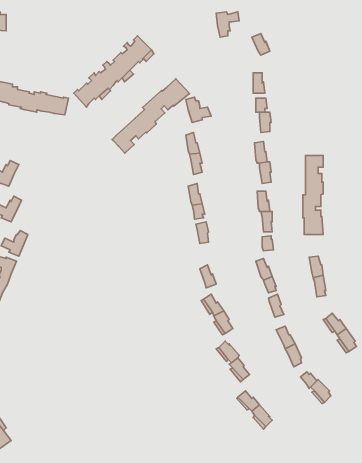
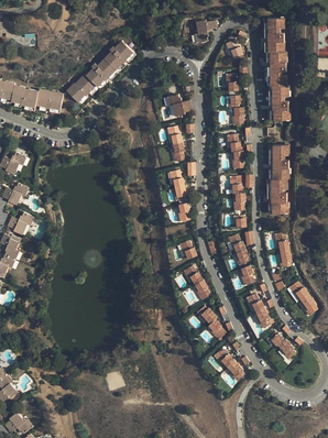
building: none -> [266,18,288,119]
building: [112,79,189,153] -> none

